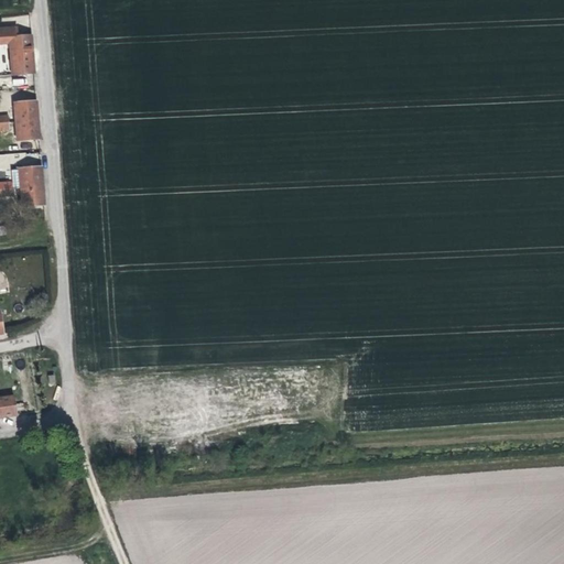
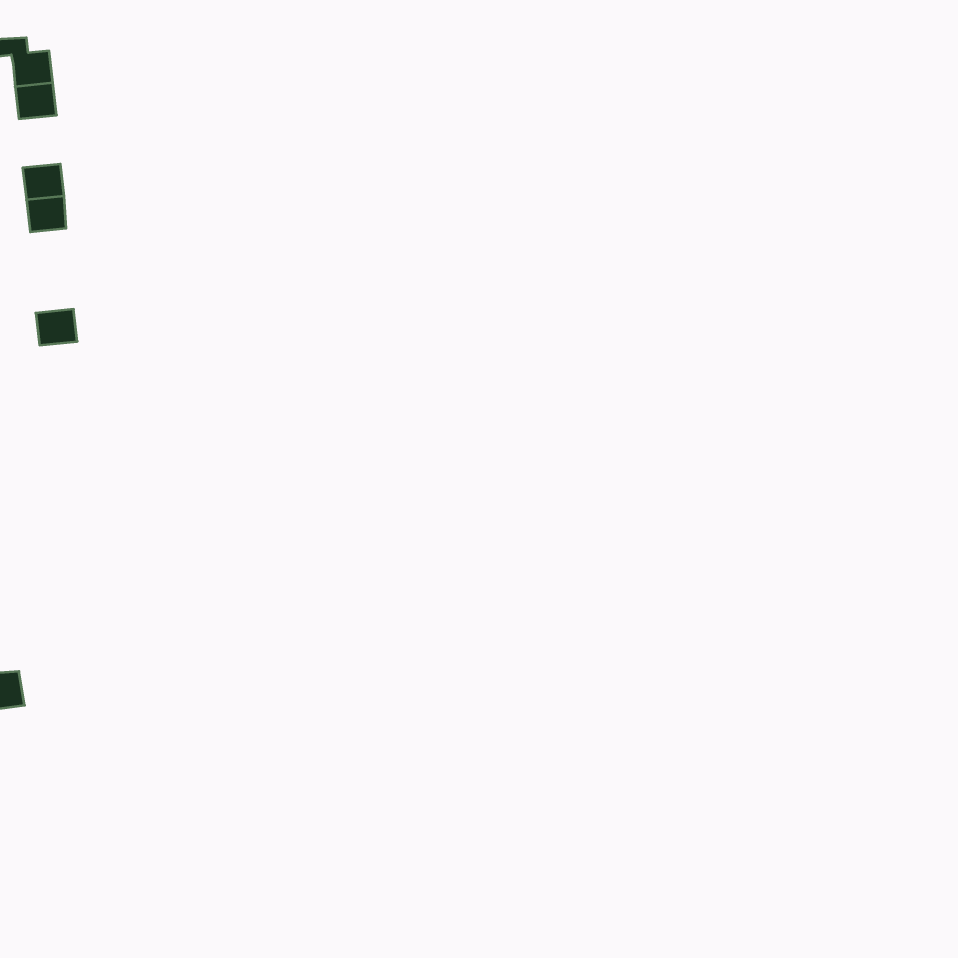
building: [19,165,43,186] -> none

